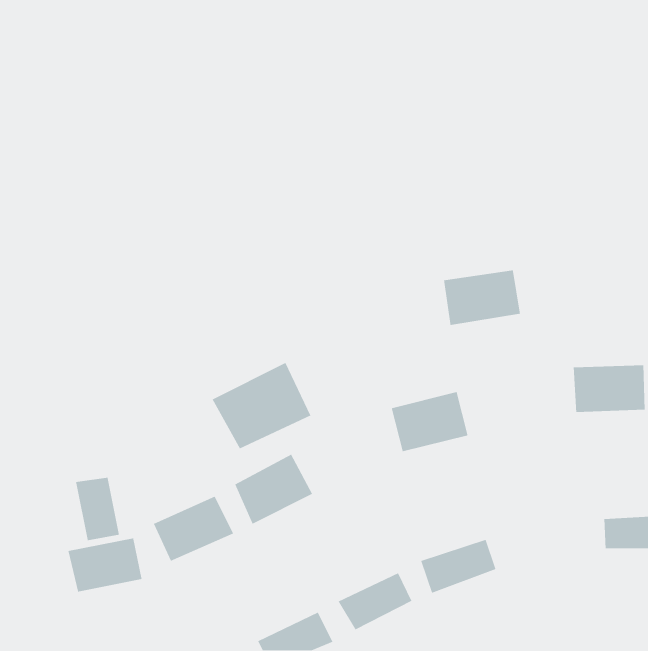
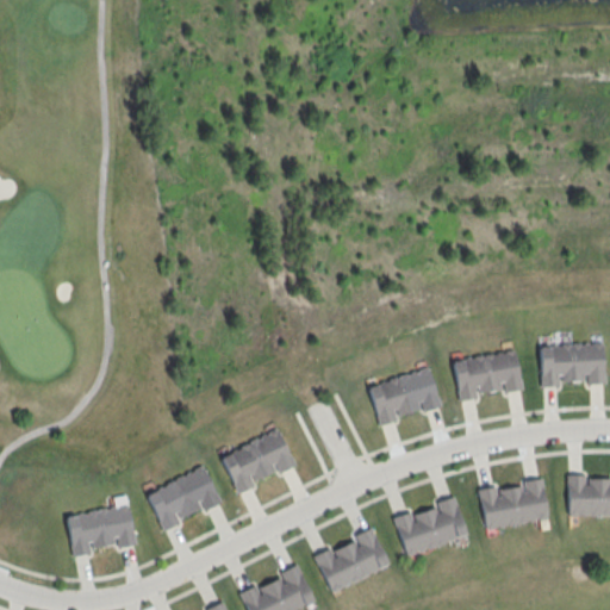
building: [443,270,521,326] -> [452,348,524,400]
building: [211,362,311,449] -> none
building: [75,477,120,541] -> none
building: none -> [480,487,548,528]

